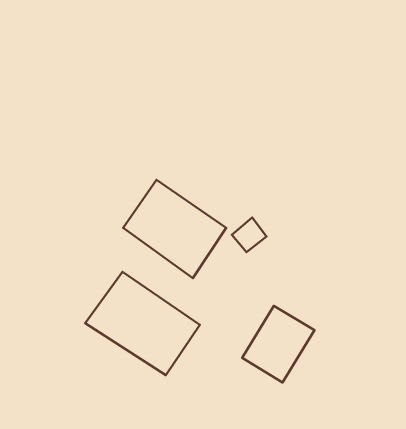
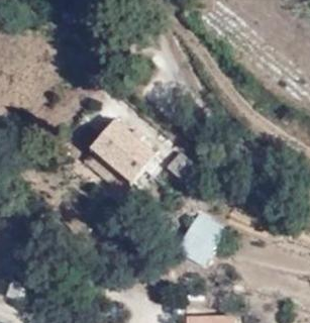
building: [85,272,200,375] -> none

